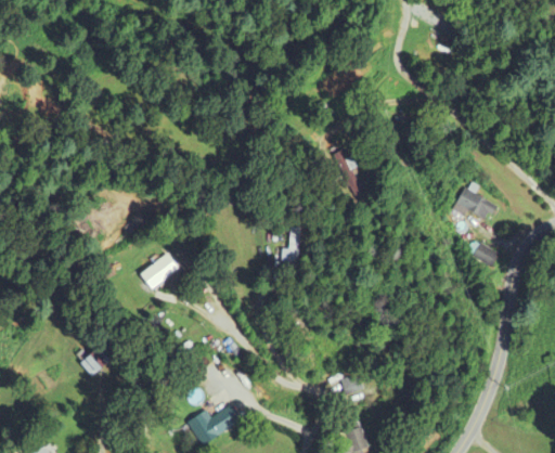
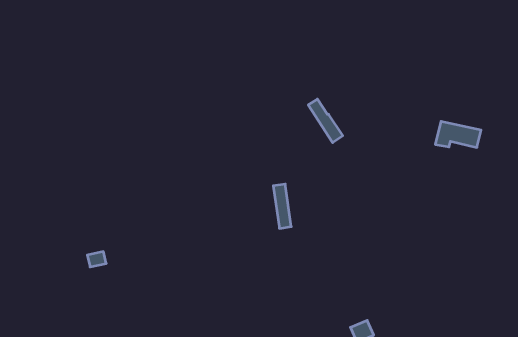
building: [467,241,499,268] -> none
building: [141,256,179,290] -> none

